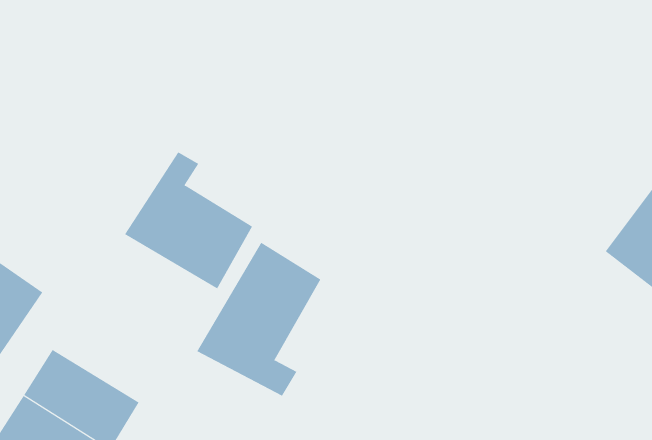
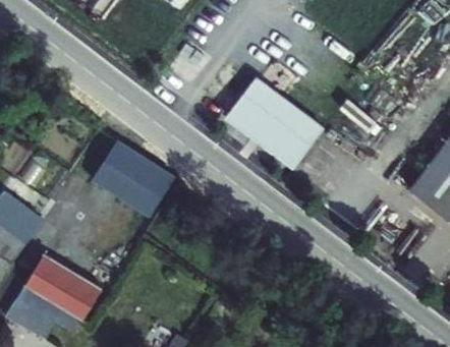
building: none -> [227,80,326,172]
building: [196,242,321,396] -> none

